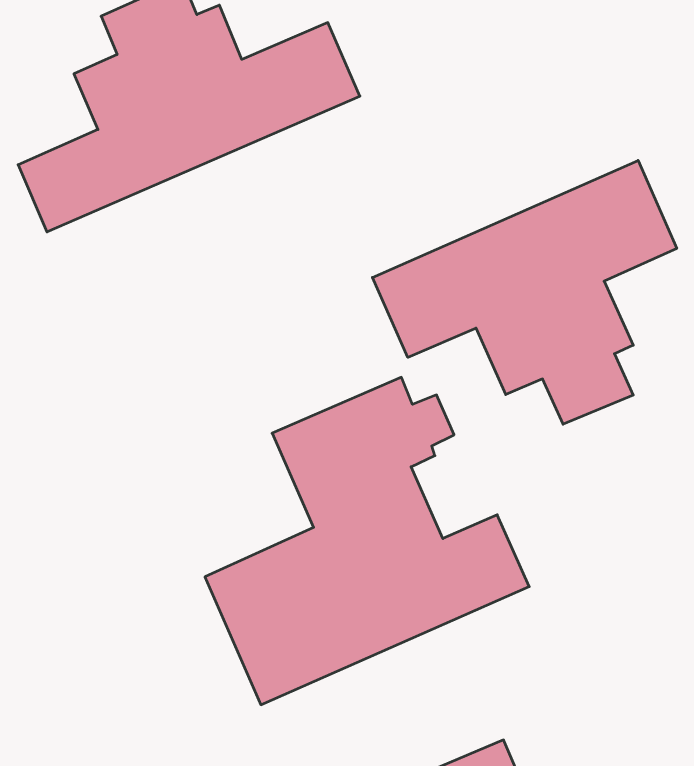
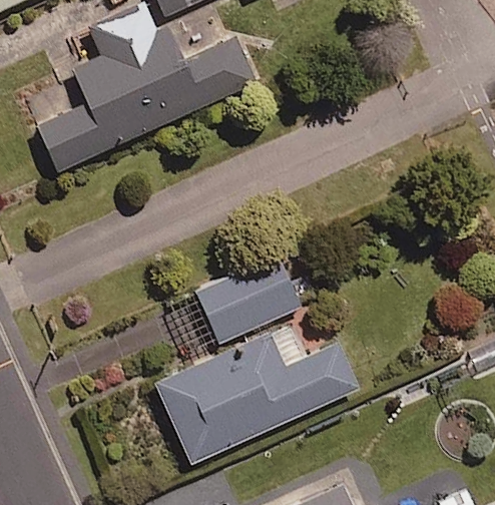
building: [372,160,677,424] -> none

